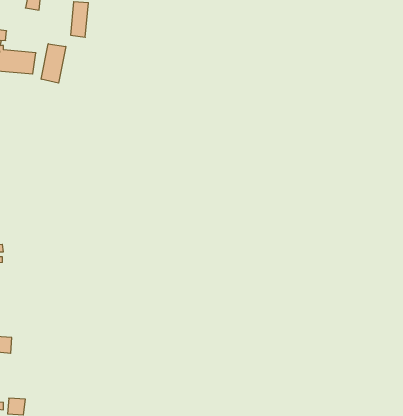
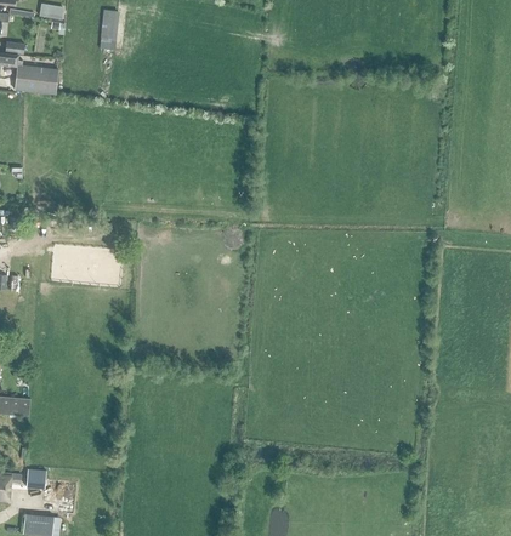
building: [41,44,66,83] -> none

